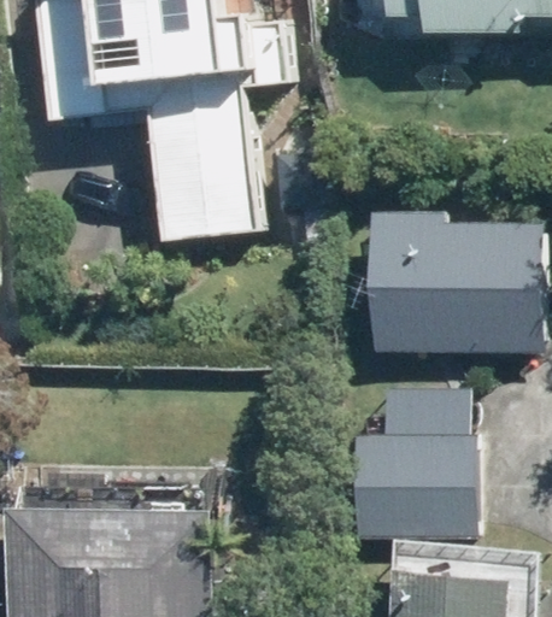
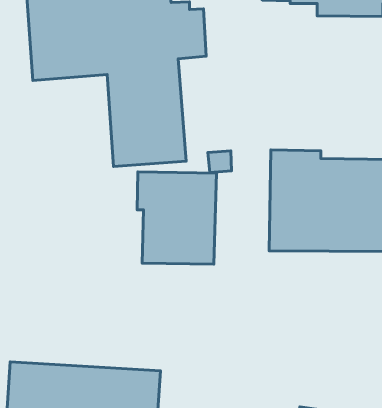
building: none -> [137,172,217,264]
building: [358,384,478,536] -> none

